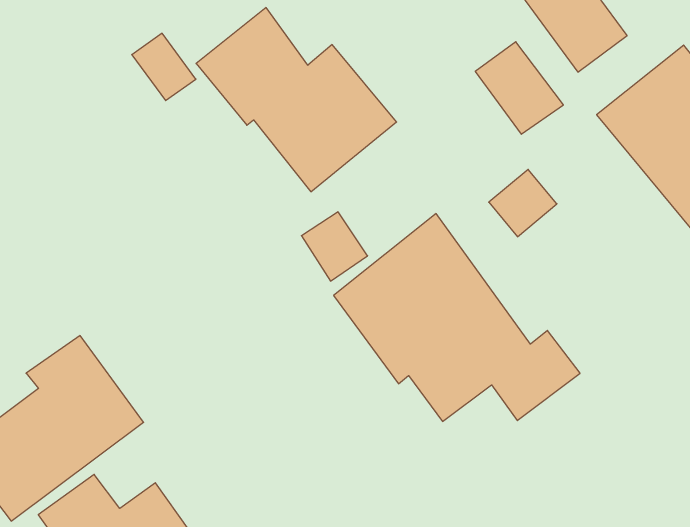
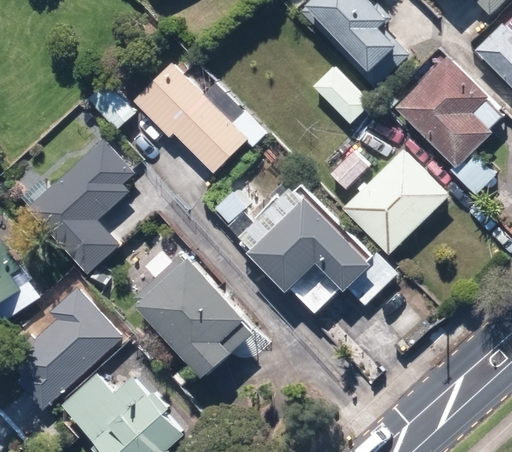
building: none -> [28,138,135,272]
building: none -> [344,150,448,254]
building: none -> [133,252,245,375]

